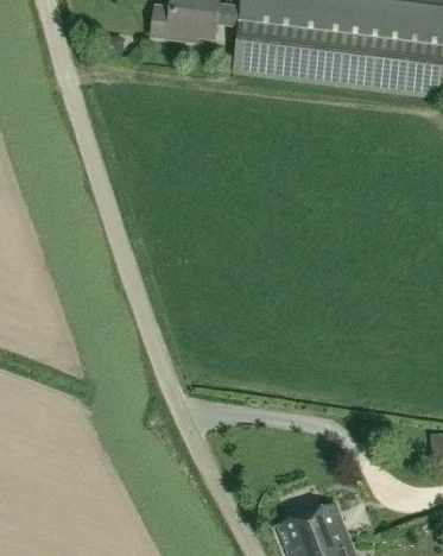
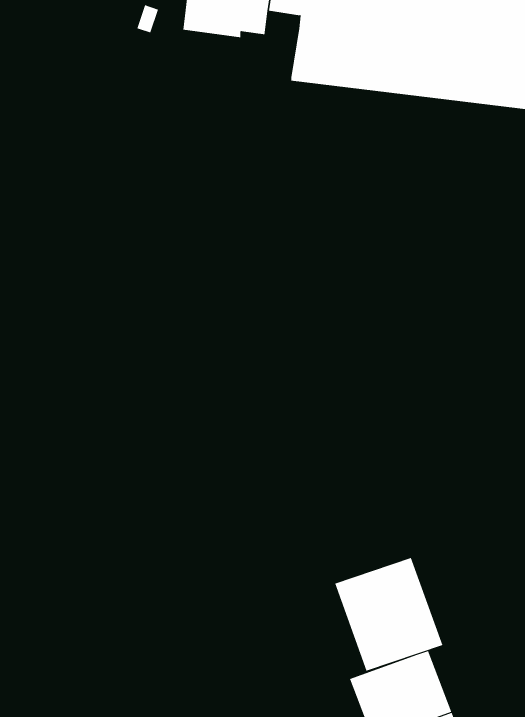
building: none -> [334,557,443,671]

